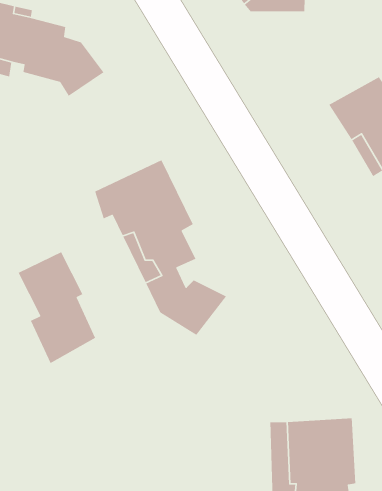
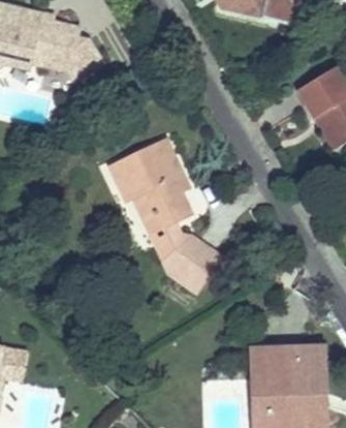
building: [17,251,96,364] -> none

